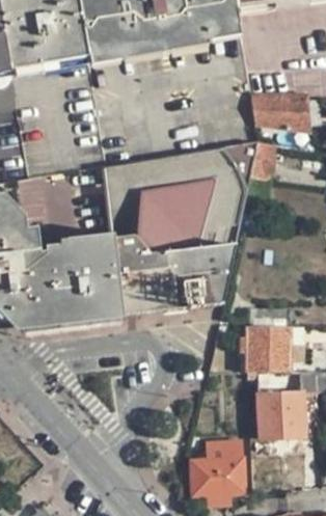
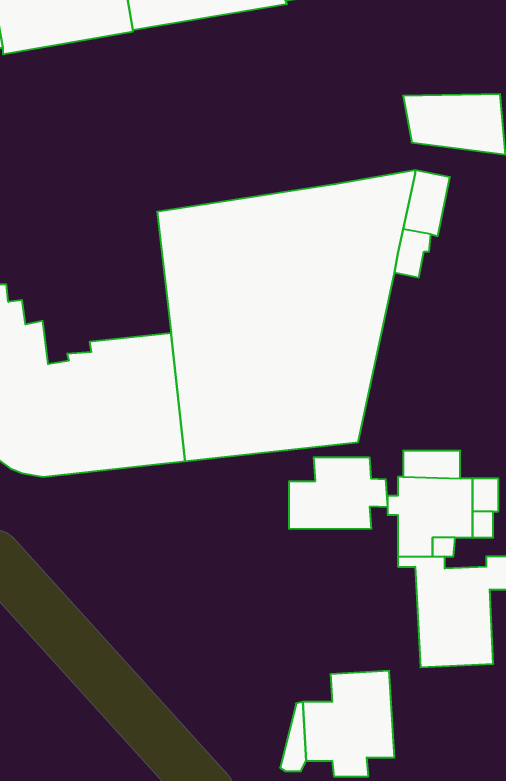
building: none -> [289,457,388,529]

